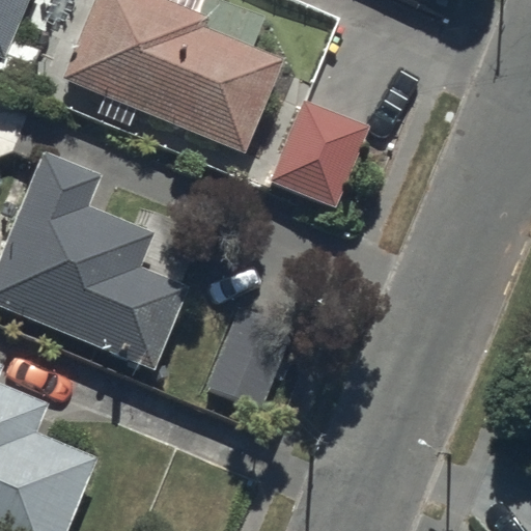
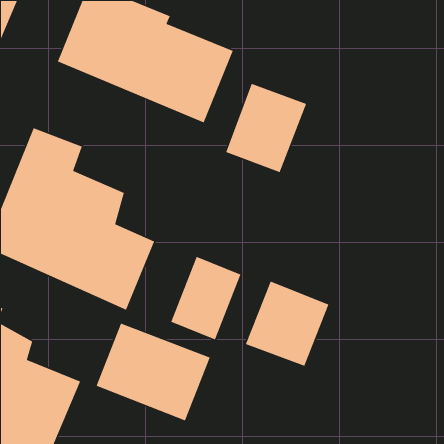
building: none -> [245,281,329,367]
building: none -> [96,322,211,422]

